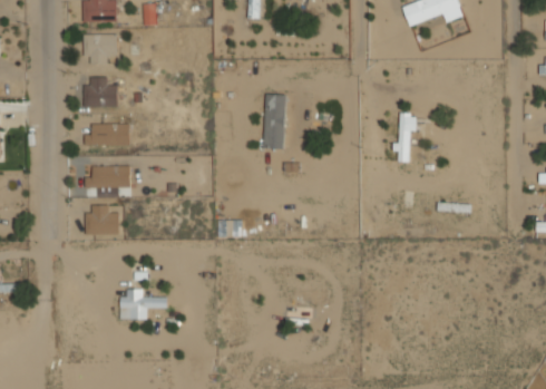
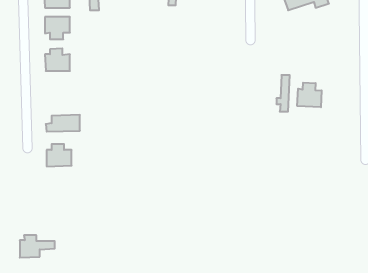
building: [264,95,285,149] -> none
building: none -> [297,83,322,107]
building: [85,124,130,146] -> none
building: [120,290,167,320] -> [20,235,55,258]

